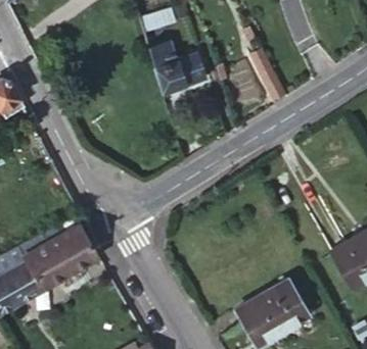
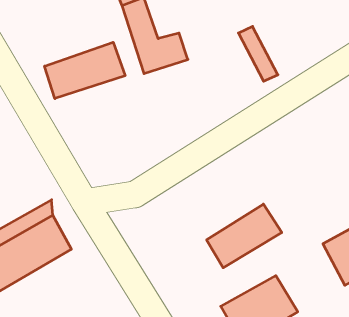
building: none -> [45,42,125,99]
building: none -> [207,204,282,268]

